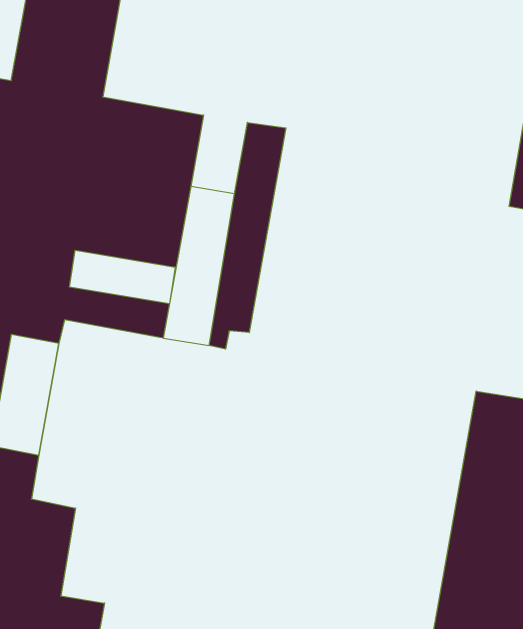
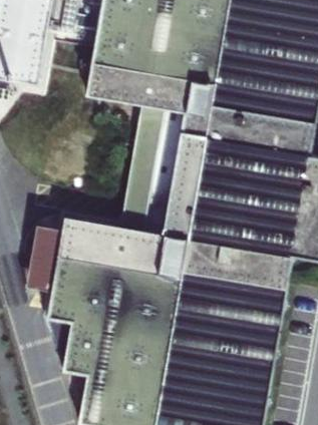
building: [69,250,175,304] -> none

